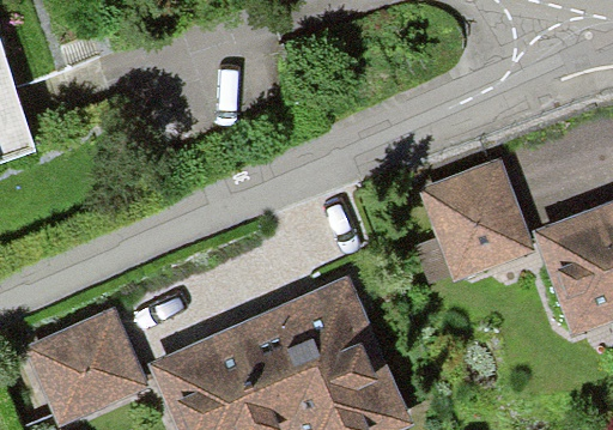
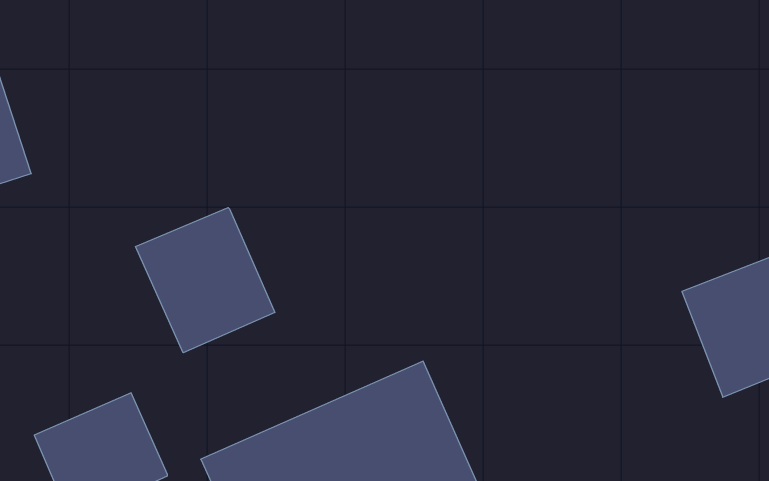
building: [423,168,520,271] -> none
building: none -> [136,208,275,353]

